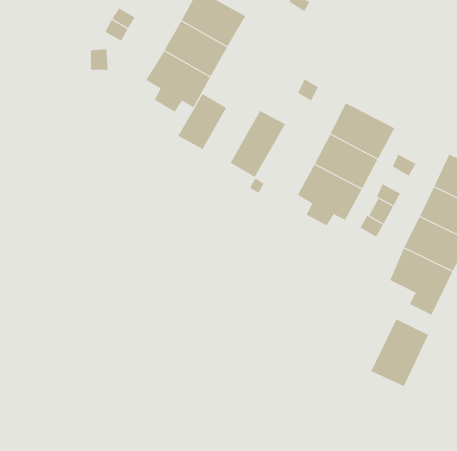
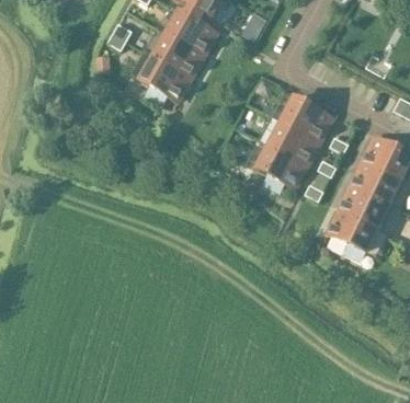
building: [178,93,227,150] -> none
building: [230,110,286,178] -> none
building: [370,318,429,387] -> none

